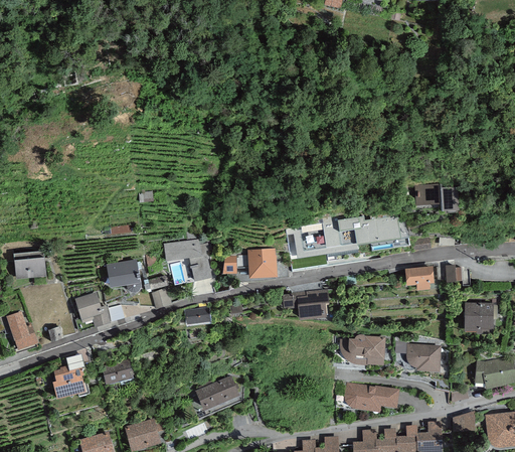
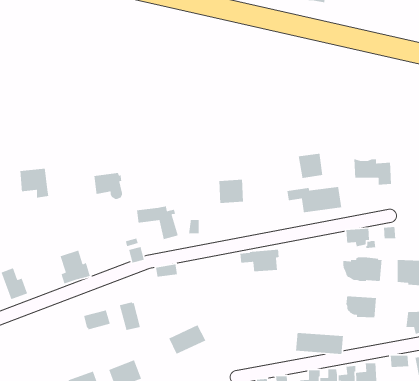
building: none -> [298,153,323,179]
building: [247,249,277,278] -> [219,179,244,204]
building: [13,251,47,286] -> [20,168,49,198]
building: [107,260,141,292] -> [93,172,123,200]
building: [339,335,385,364] -> [342,257,382,282]
building: none -> [119,302,141,331]
building: [52,365,85,398] -> none

